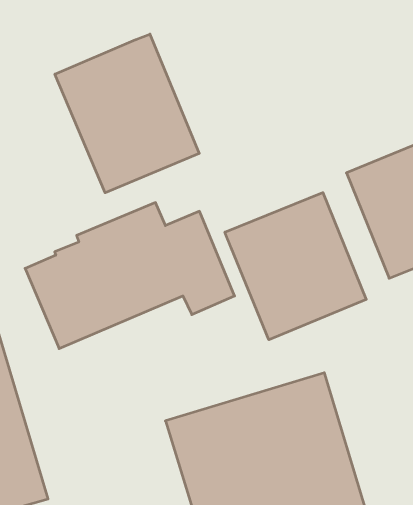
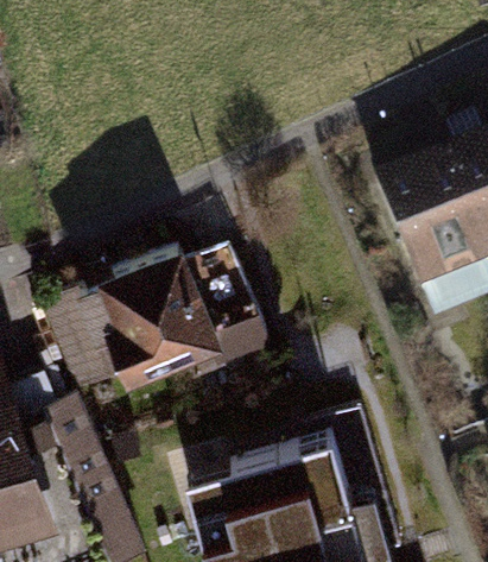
building: [55,34,199,193] -> none
building: [225,193,366,340] -> none

